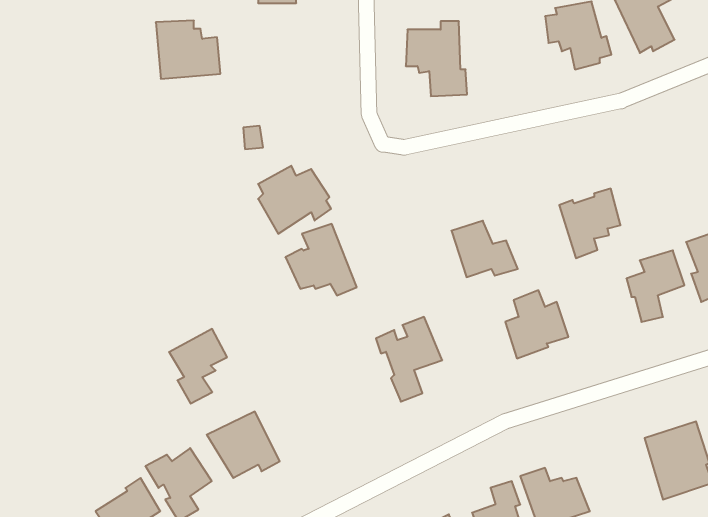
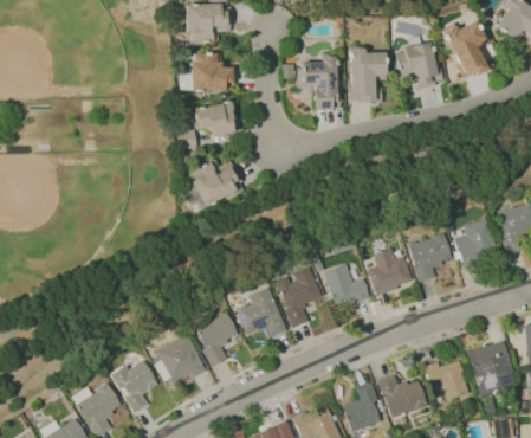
building: none -> [347,47,384,101]
building: [156,21,220,79] -> [188,52,234,94]
building: none -> [194,101,237,134]
building: [559,189,621,258] -> [407,232,451,282]
building: [451,221,518,277] -> [323,264,370,304]
building: [285,224,357,295] -> [235,285,286,336]
building: [169,329,227,404] -> [195,313,237,366]
building: none -> [425,361,468,404]

